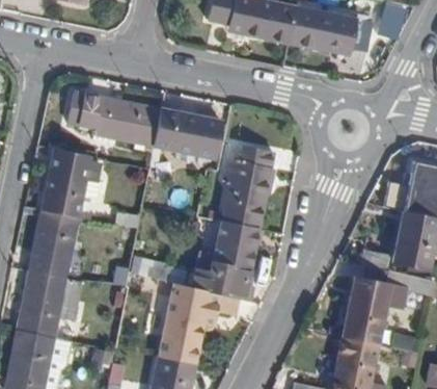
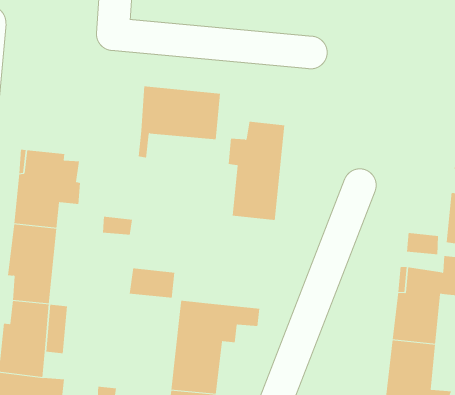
building: [67,90,160,145] -> none
building: [192,222,256,303] -> none

